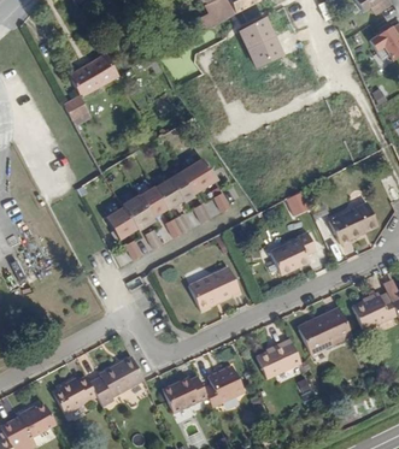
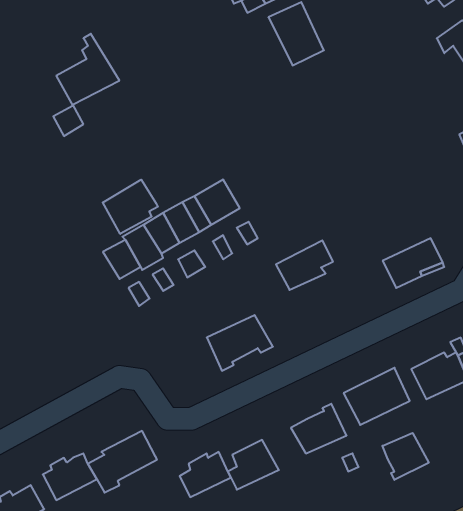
building: none -> [103,180,158,234]
building: [269,231,315,271] -> [276,240,333,290]
building: none -> [382,433,429,480]

